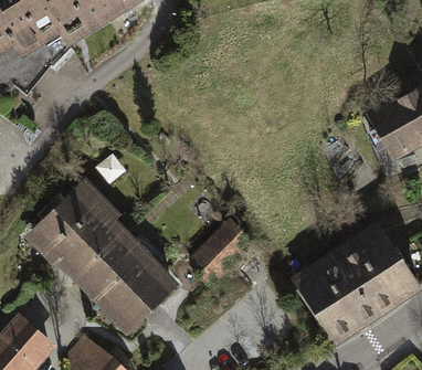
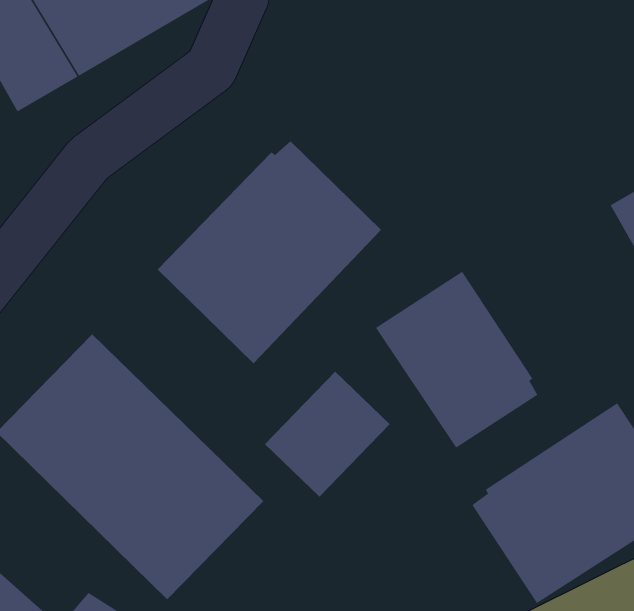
building: none -> [157,141,382,364]
building: none -> [375,271,538,449]

